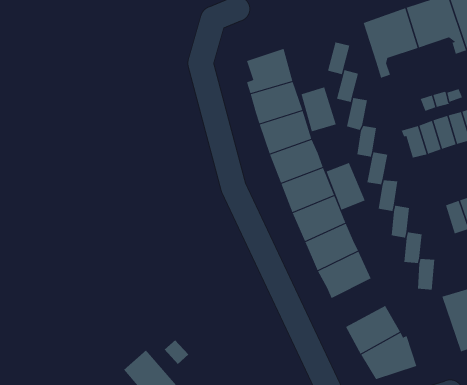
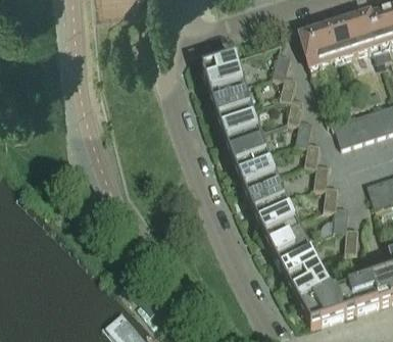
building: [301,86,337,132] -> none
building: [326,162,365,211] -> none
building: none -> [276,243,320,282]
building: none -> [337,278,380,313]

